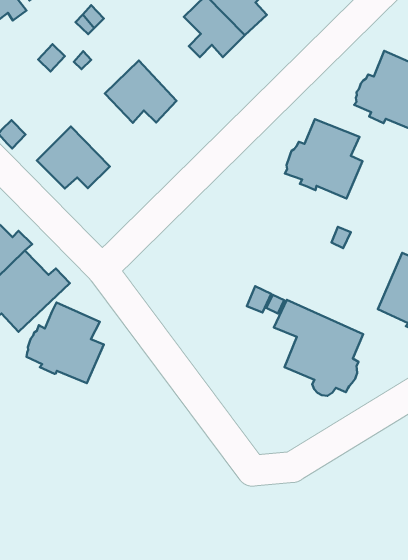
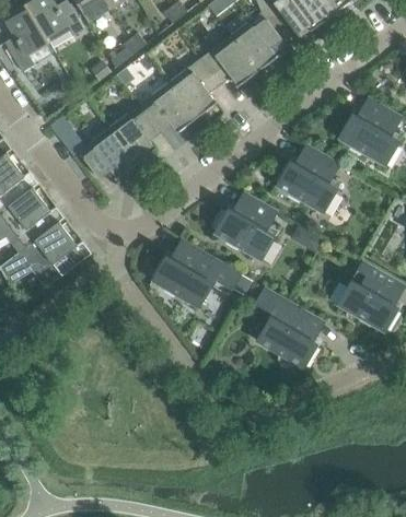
building: none -> [170,67,219,117]
building: none -> [108,104,159,163]
building: none -> [214,192,278,260]
building: [26,303,104,383] -> [152,239,216,307]

